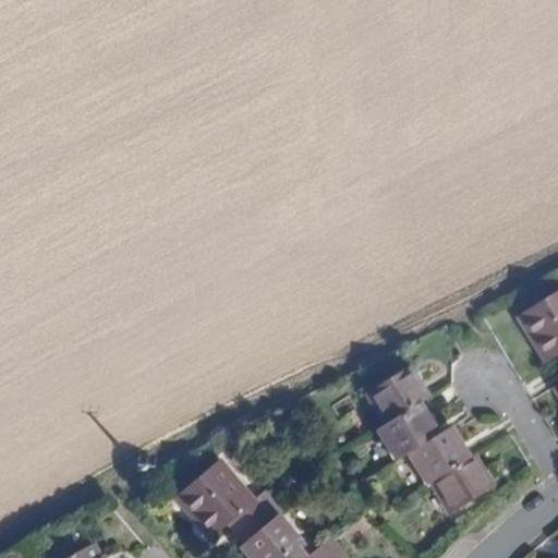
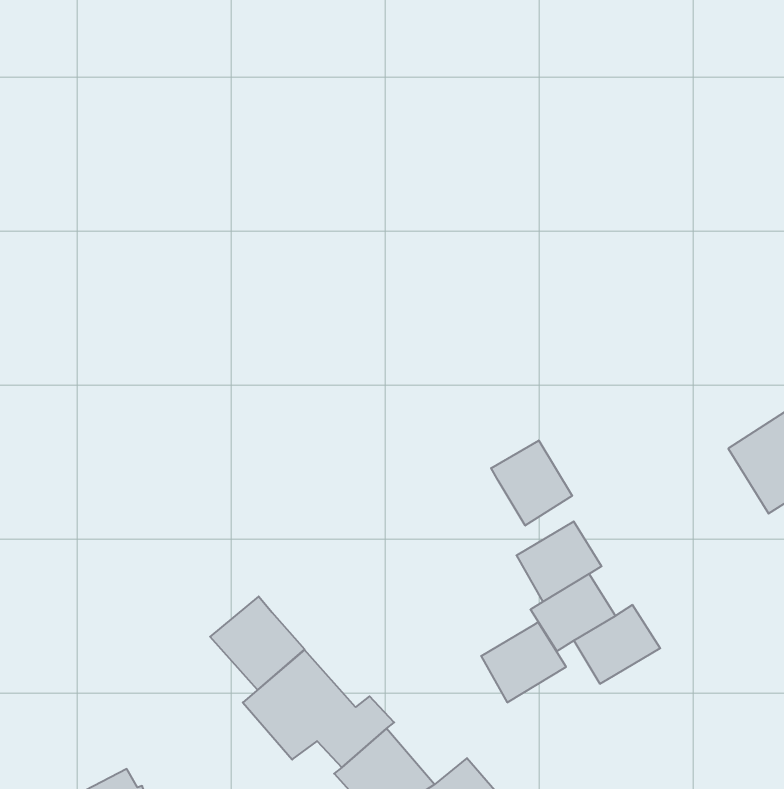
building: none -> [491,440,572,526]
building: none -> [210,596,304,690]
building: [433,456,493,512] -> [481,622,566,702]

